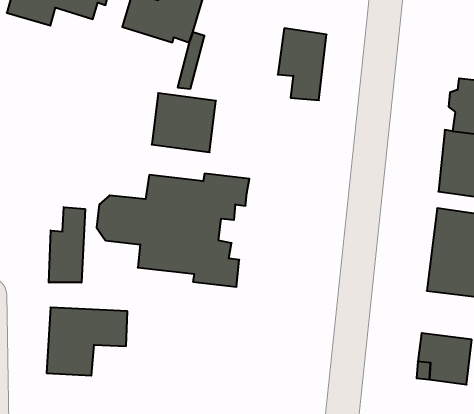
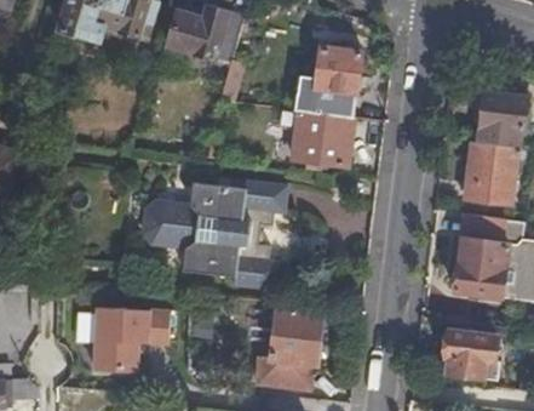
building: [152,93,216,152] -> [292,110,352,166]
building: [49,207,85,283] -> none
building: none -> [257,310,323,388]

